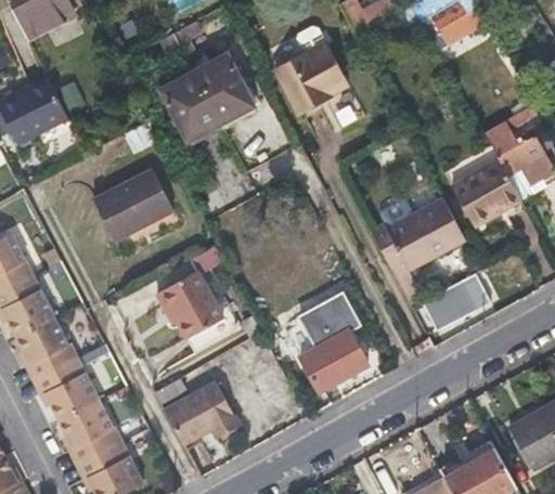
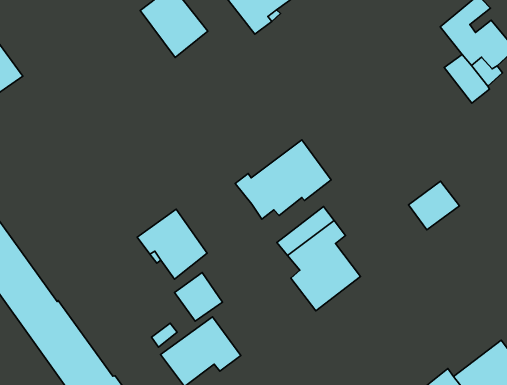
building: [159,73,220,141] -> none
building: [92,168,171,242] -> none
building: [455,173,503,225] -> none
building: [371,198,465,270] -> [235,140,331,219]
building: none -> [174,272,223,321]

